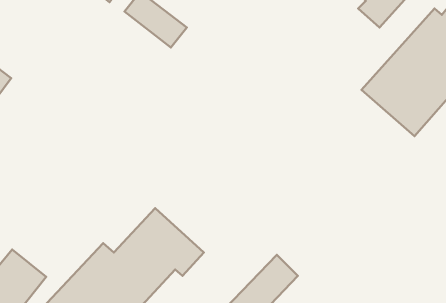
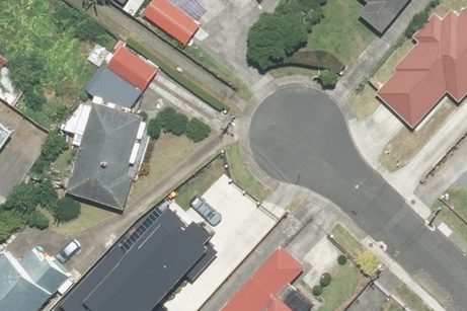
building: none -> [65,48,153,205]

